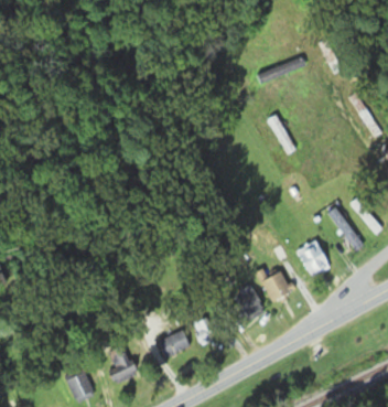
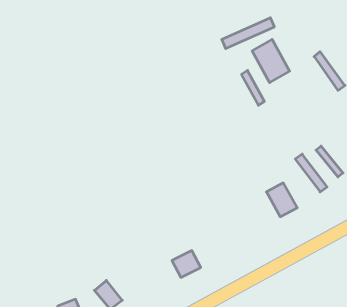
building: none -> [252,39,290,83]
building: [259,267,293,302] -> none
building: [231,285,266,323] -> none
building: [157,329,191,360] -> none

